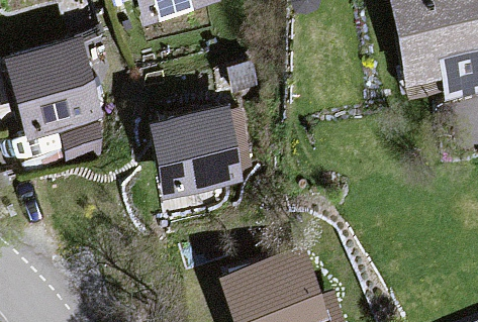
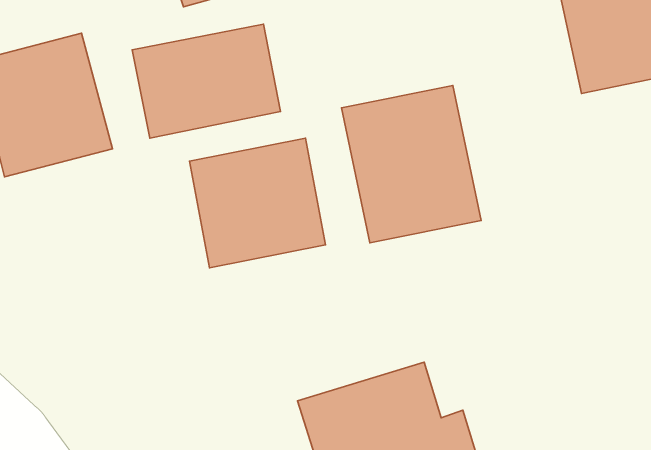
building: none -> [132,24,280,138]
building: none -> [342,86,481,243]

